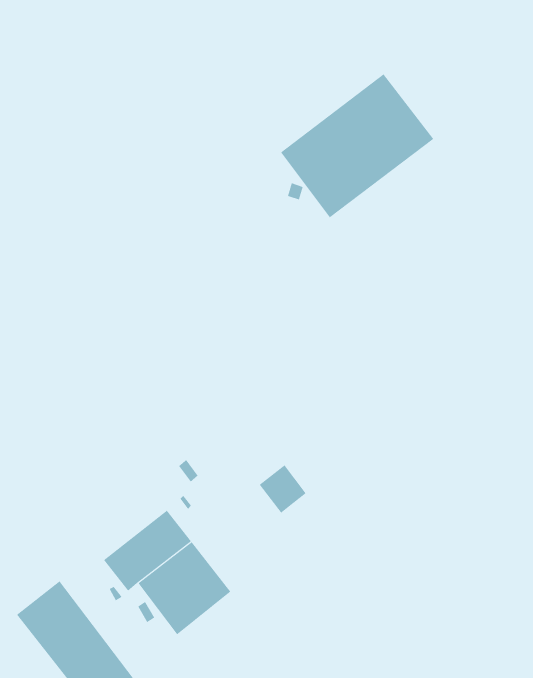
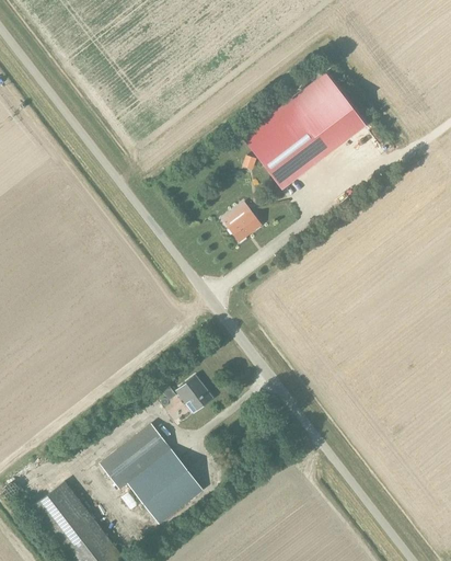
building: none -> [222,204,259,242]
building: [259,464,307,514] -> [175,374,213,413]

